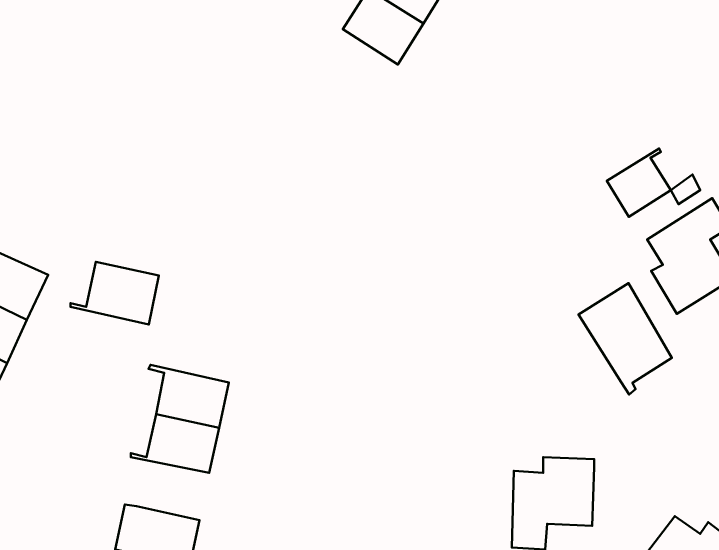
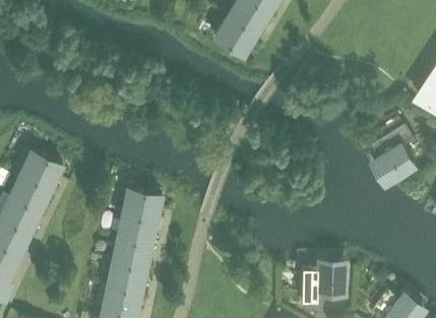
building: [607,148,671,217] -> none
building: [70,262,159,325] -> [115,190,161,222]
building: [578,283,672,395] -> none
building: none -> [105,261,145,294]

